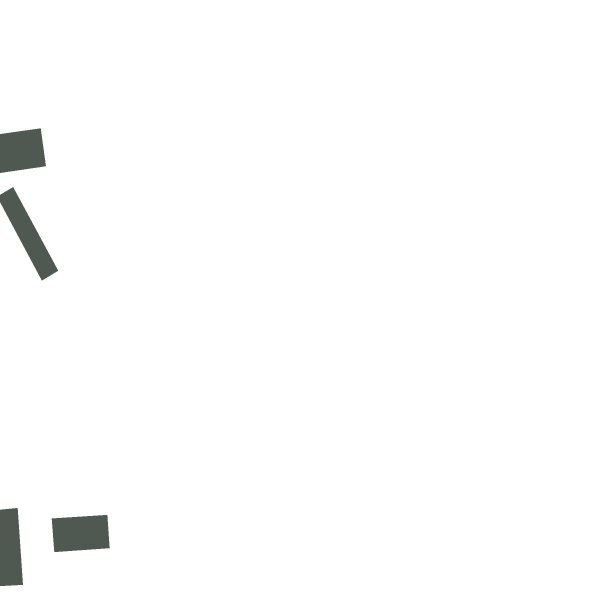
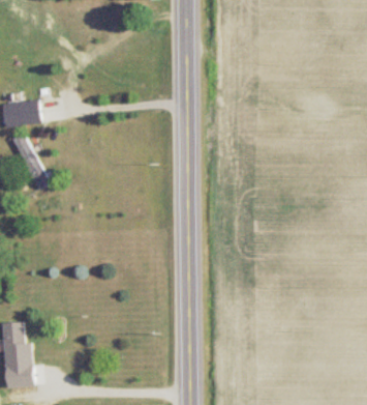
building: [51,514,110,553] -> none

